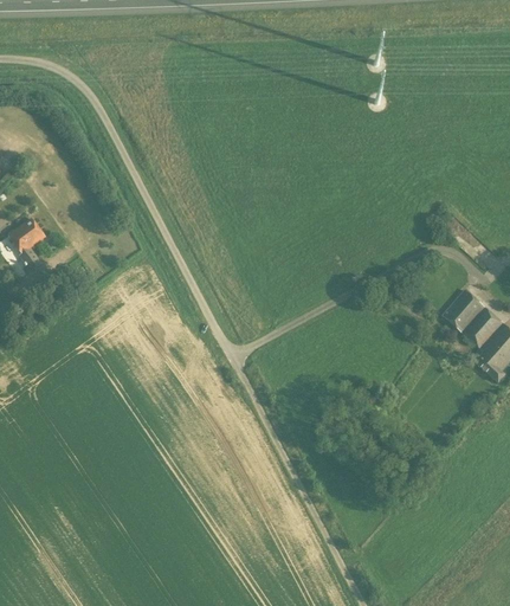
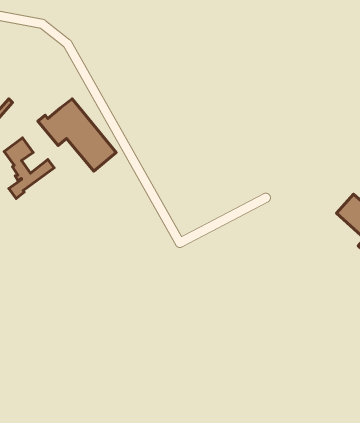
building: none -> [38,99,116,171]

